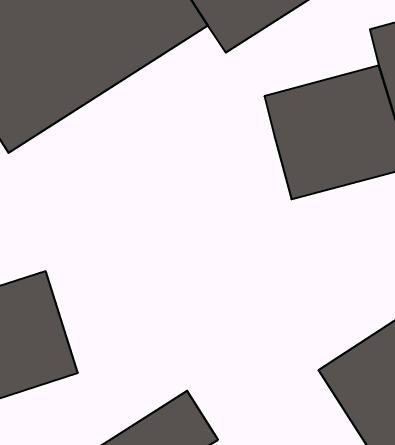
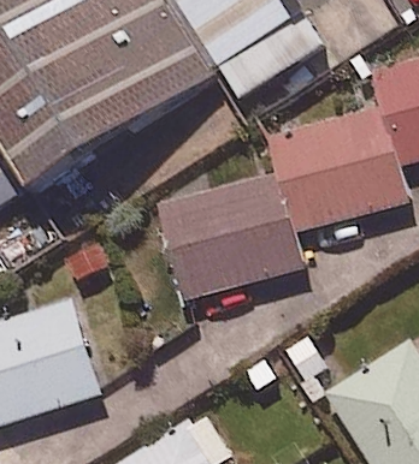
building: none -> [159,174,308,298]

